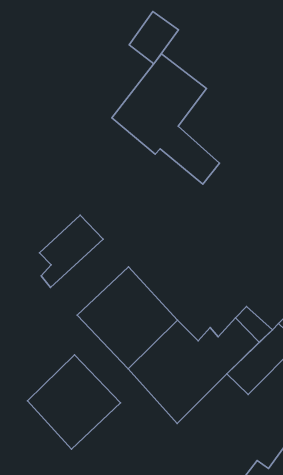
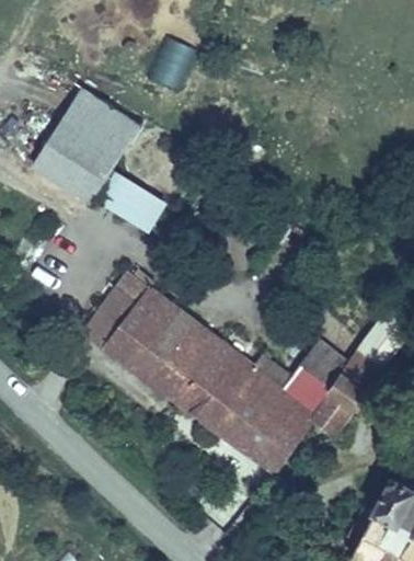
building: [112,54,220,184] -> [41,98,163,230]
building: none -> [107,290,187,376]
building: [27,355,120,449] -> none

